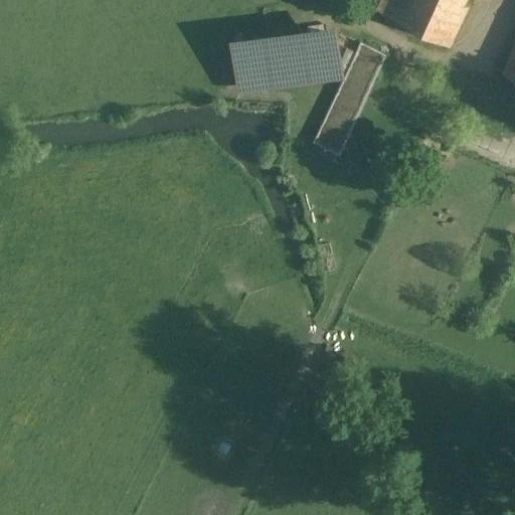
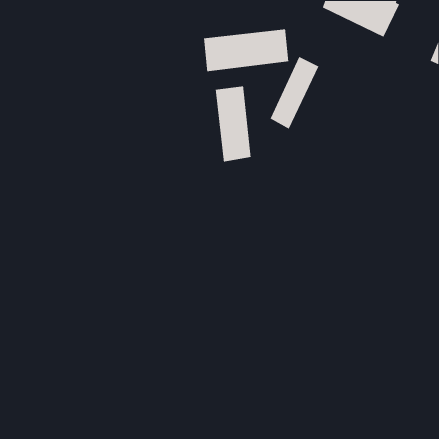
building: [349,43,384,78] -> none
building: none -> [215,85,251,162]

